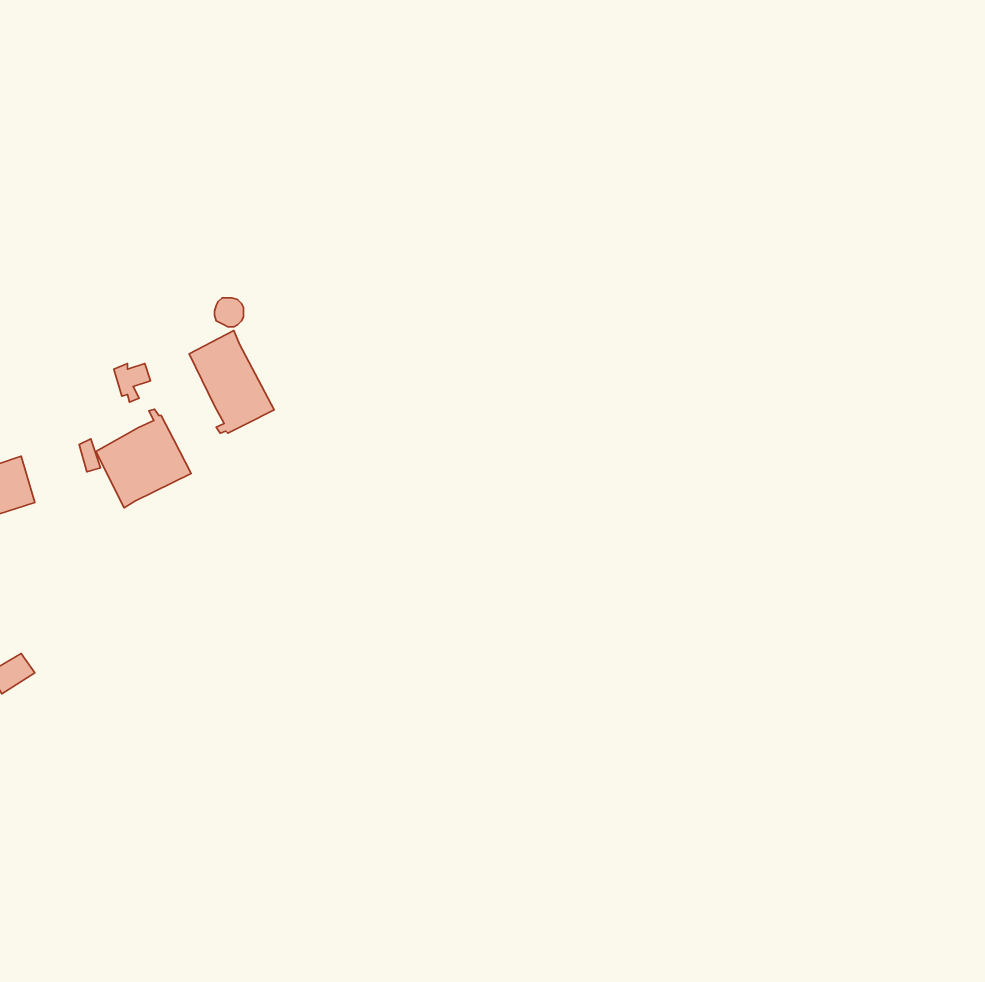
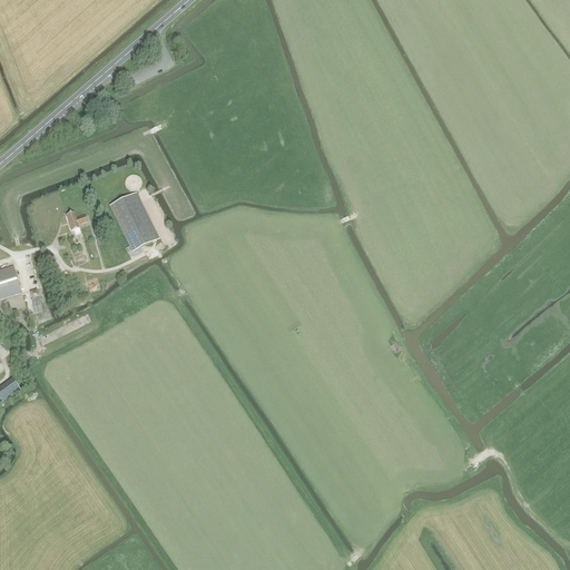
building: [96,409,191,508] -> none

